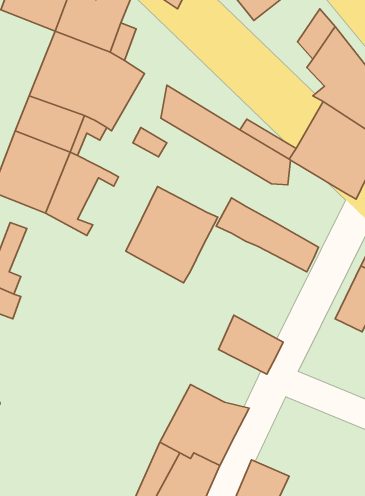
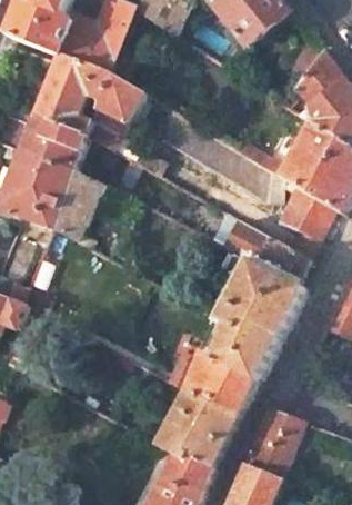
building: none -> [275,185,332,244]
building: [126,187,218,283] -> [219,258,305,349]
building: none -> [168,351,258,412]
building: none -> [243,406,302,476]

